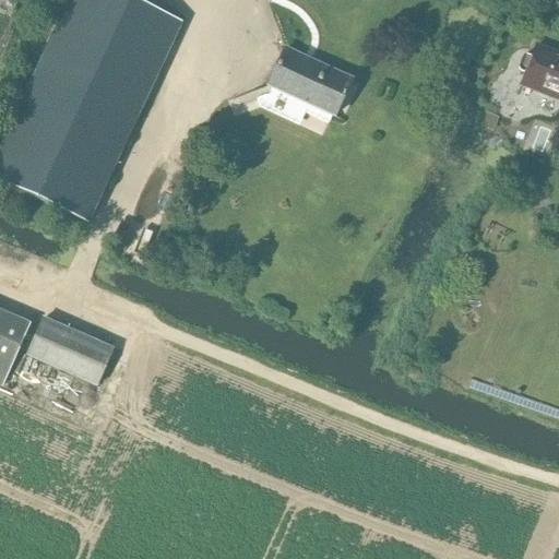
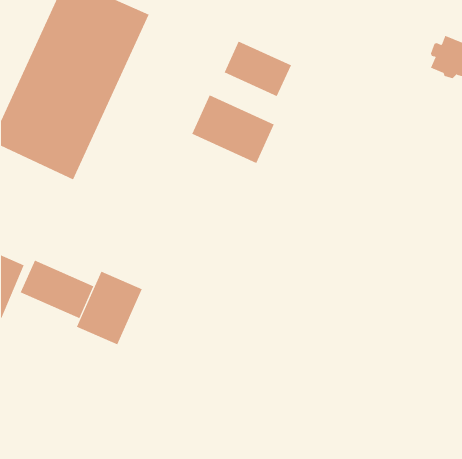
building: none -> [191,94,275,164]
building: none -> [76,271,142,345]

